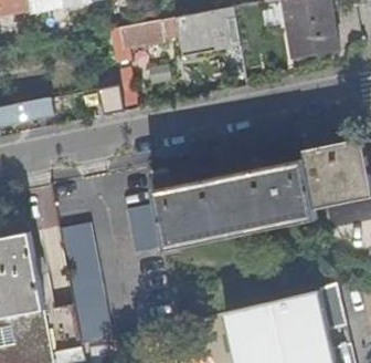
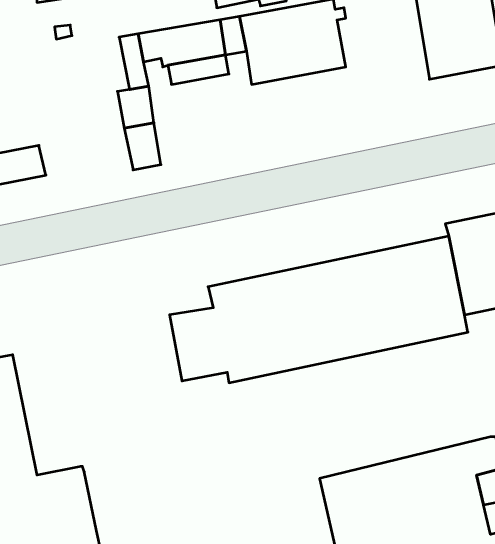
building: [57,221,113,344] -> none

